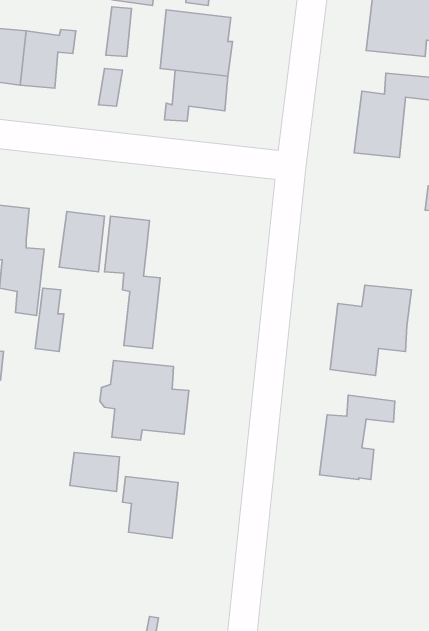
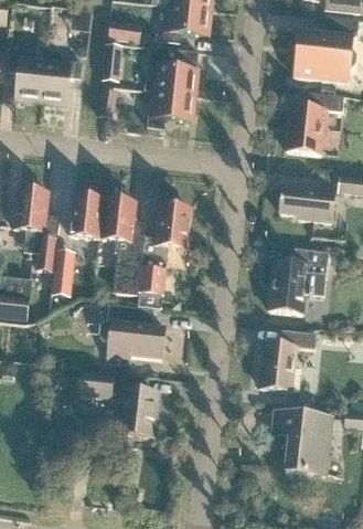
building: none -> [280,187,335,222]
building: none -> [138,203,191,307]
building: none -> [274,410,333,474]

